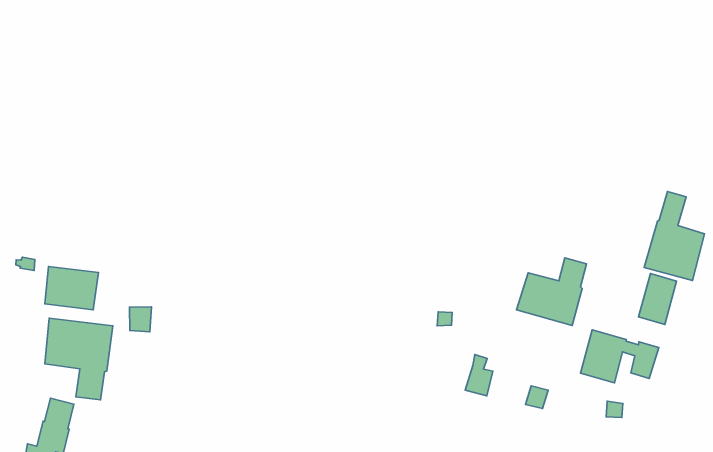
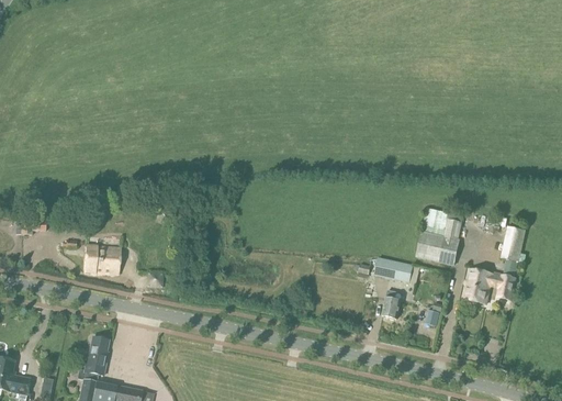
building: [644,191,704,281] -> none
building: none -> [374,257,419,285]
building: [45,318,113,400] -> none

